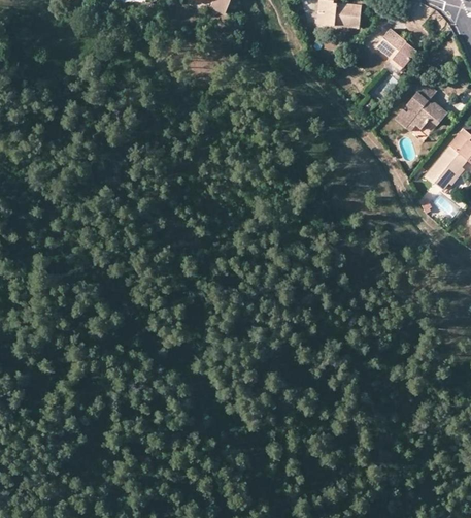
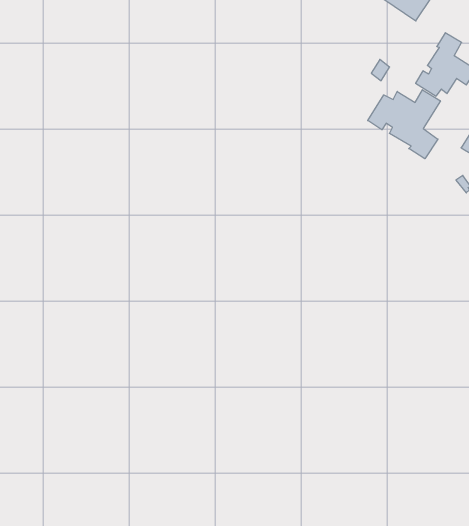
building: none -> [368,90,440,159]

